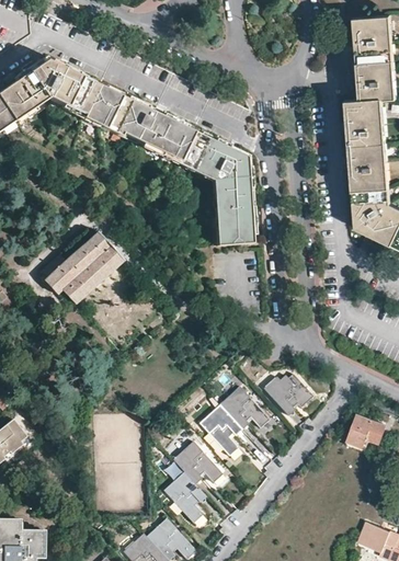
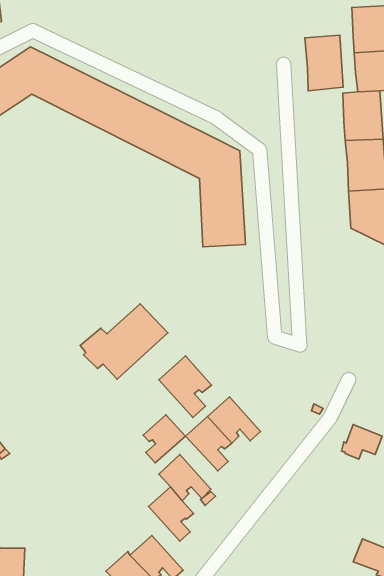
building: none -> [305,35,343,91]
building: [38,232,122,304] -> [80,304,168,379]
building: none -> [159,356,212,418]
building: [262,374,312,416] -> none
building: none -> [143,415,185,463]

